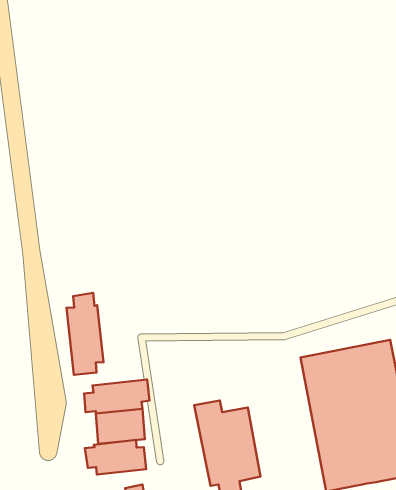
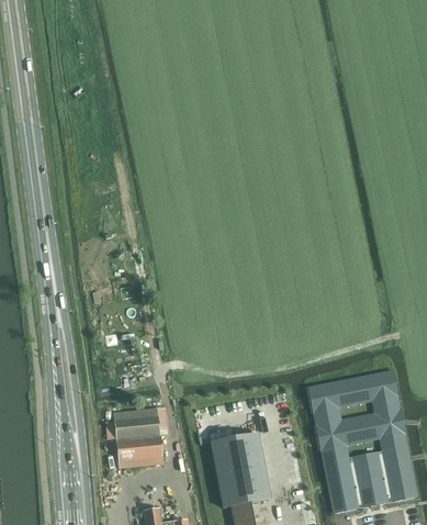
building: [67,293,103,375] -> none
building: [85,440,146,475] -> none

